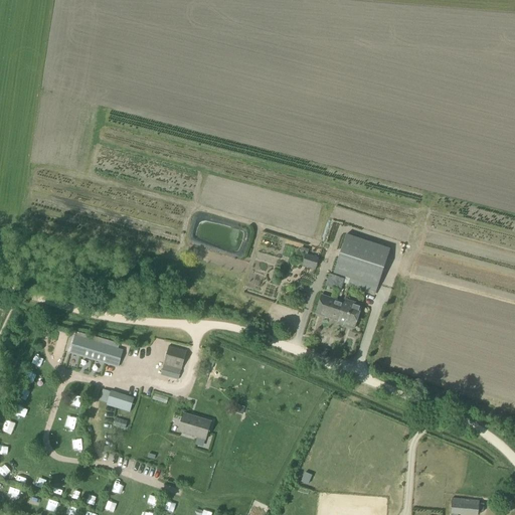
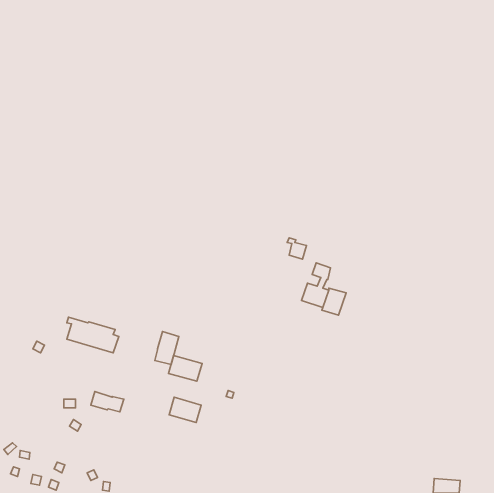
building: [334,234,390,293] -> none
building: none -> [169,356,202,381]
building: [100,388,135,411] -> none

